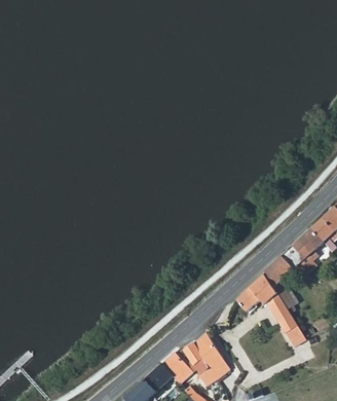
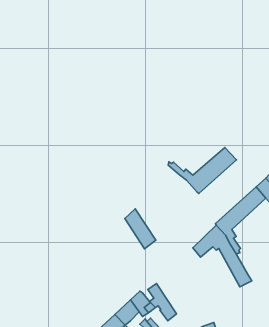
building: none -> [168,148,236,194]
building: [193,331,230,378] -> [125,209,156,249]

